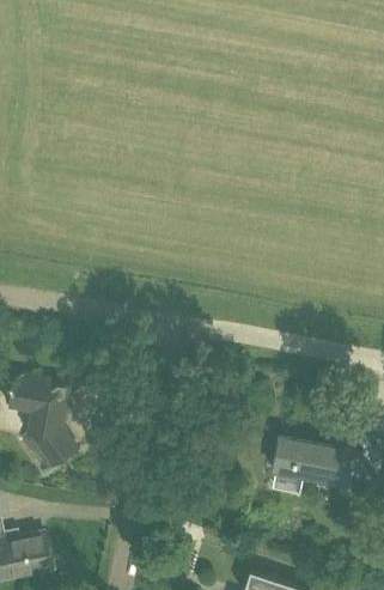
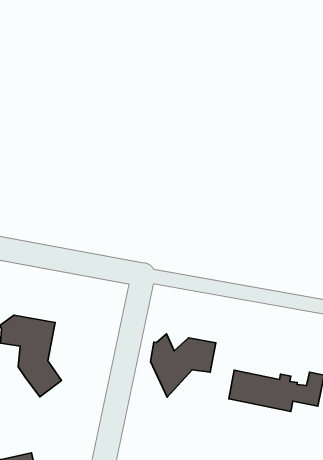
building: none -> [150,334,216,397]

